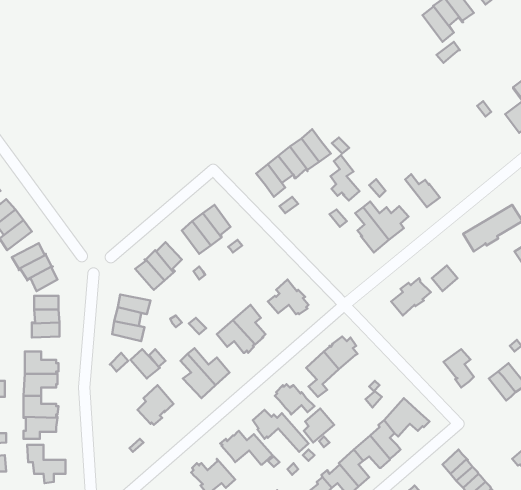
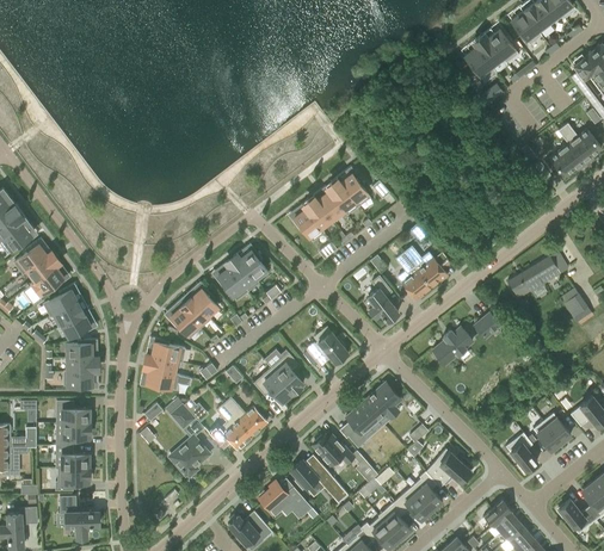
building: [330,155,359,201] -> [369,276,399,322]
building: [405,174,440,207] -> none
building: [444,349,474,387] -> [506,433,537,472]

